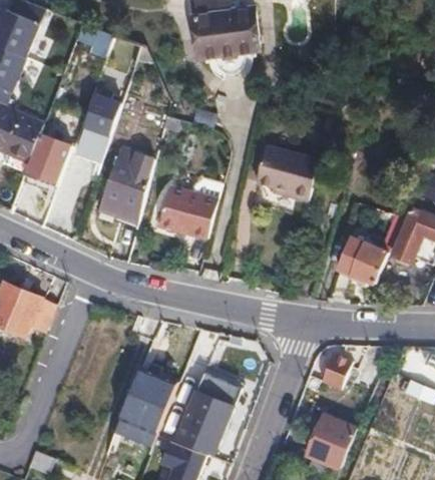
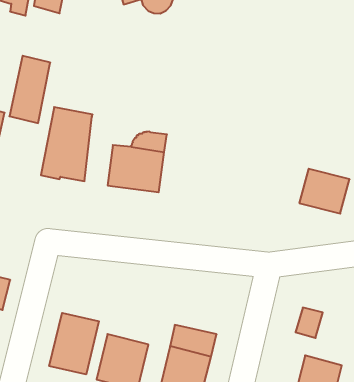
building: [258,147,319,201] -> none
building: none -> [49,313,99,374]

